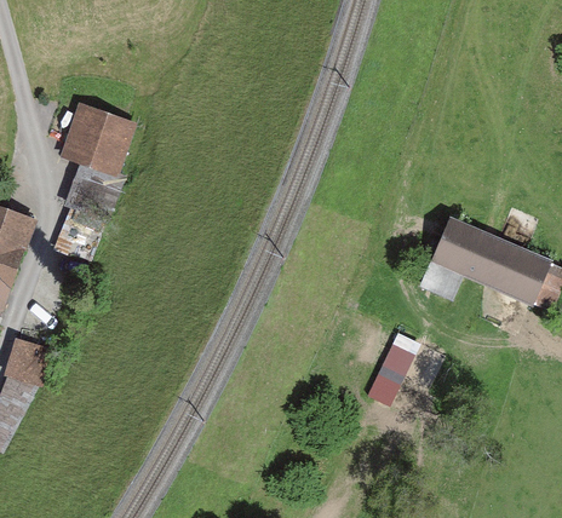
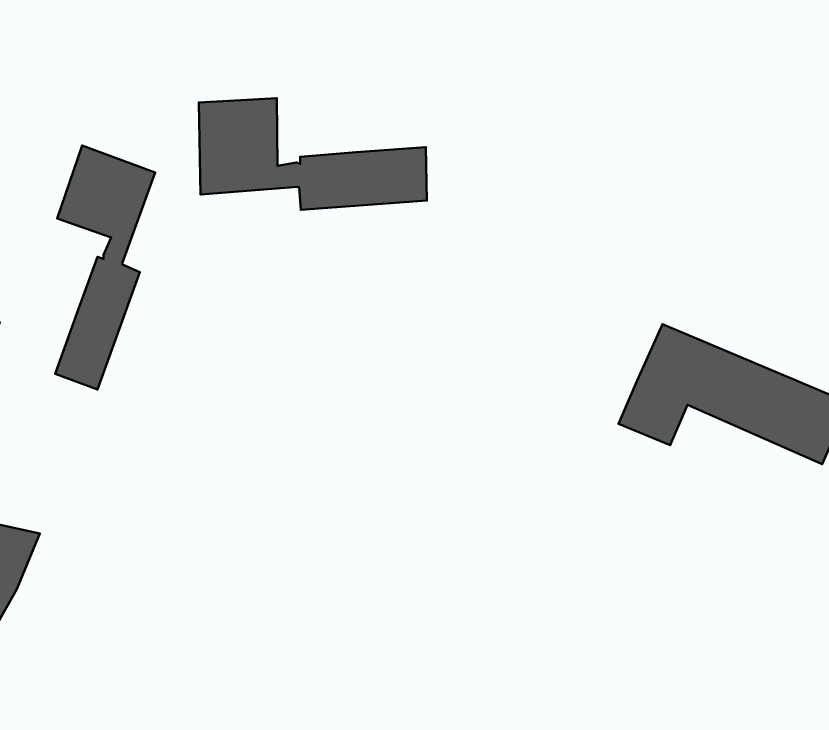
building: none -> [199,98,427,210]
building: [369,330,420,402] -> none

